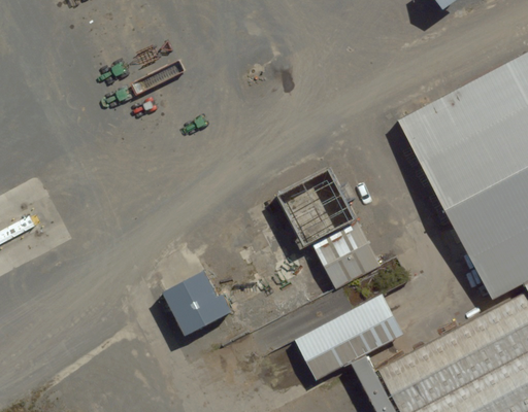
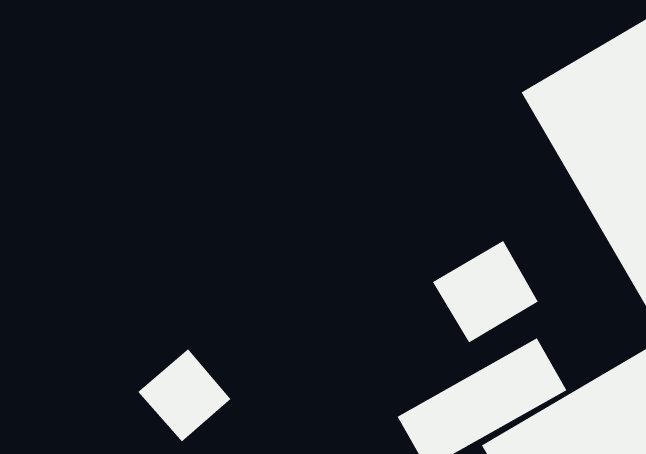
building: [283,170,365,248] -> none
building: [174,272,240,338] -> [137,348,232,443]

